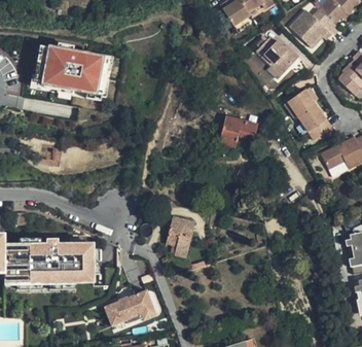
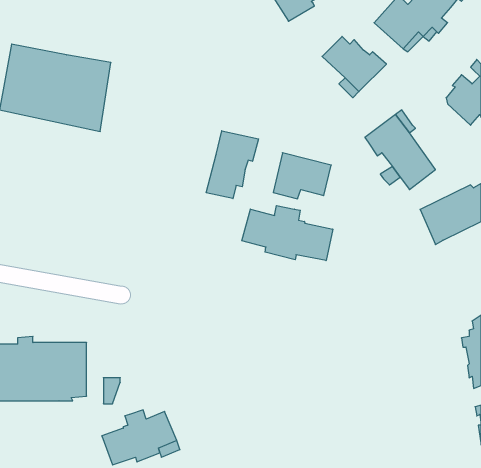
building: none -> [206,131,259,199]
building: none -> [242,206,333,261]
building: [166,215,194,256] -> none

